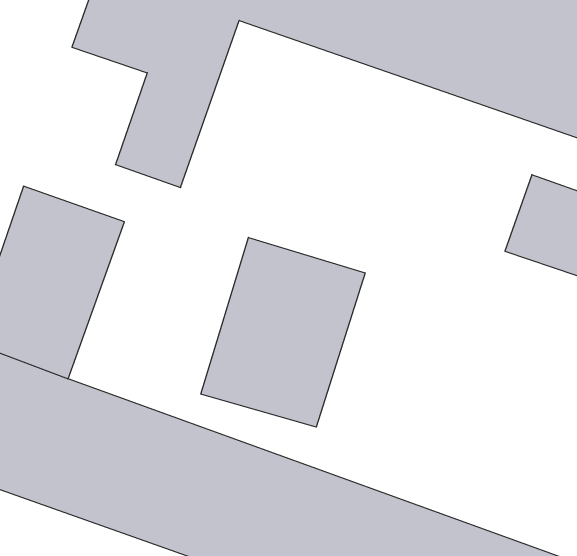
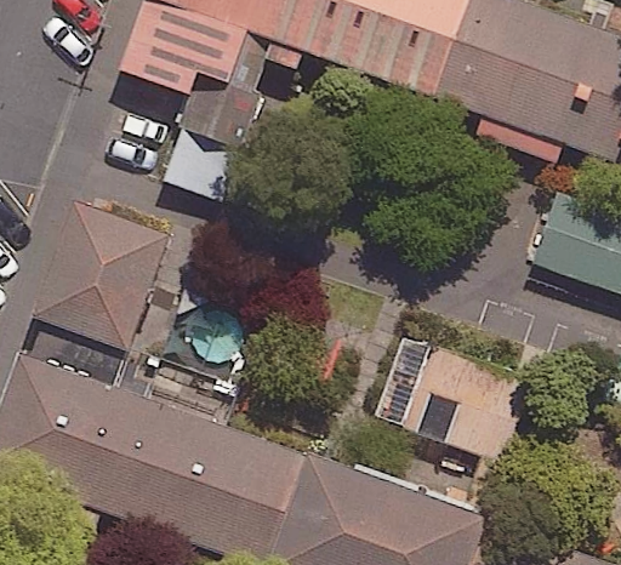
building: [201,237,365,427] -> none
building: none -> [415,358,532,468]

